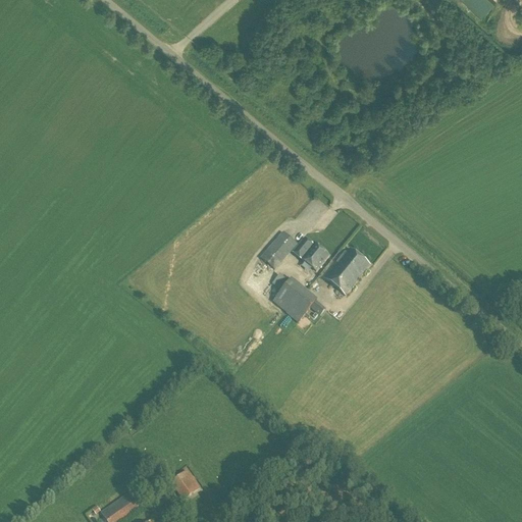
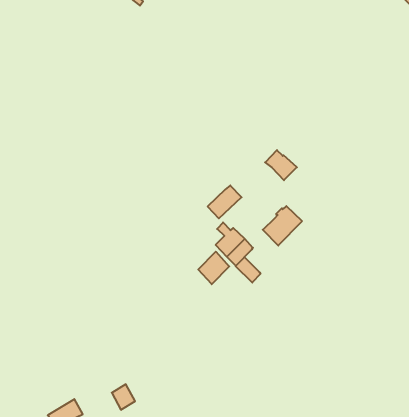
building: [293,237,329,270] -> [265,150,297,180]
building: none -> [198,252,229,284]
building: none -> [236,257,260,283]

